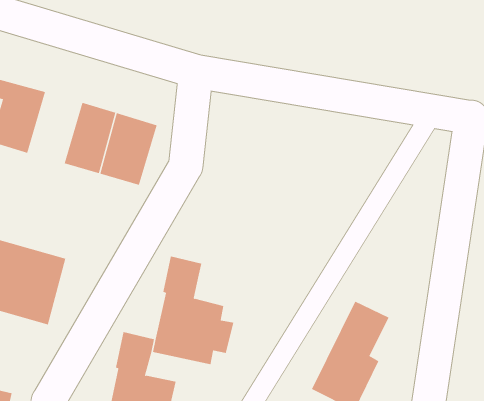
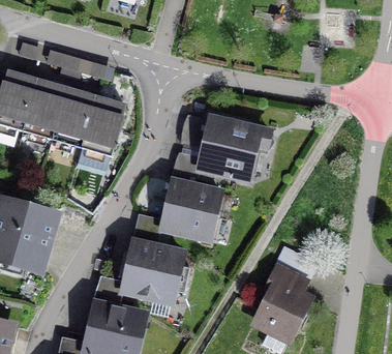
building: none -> [24,81,67,139]
building: none -> [198,119,259,180]
building: none -> [162,181,221,240]

